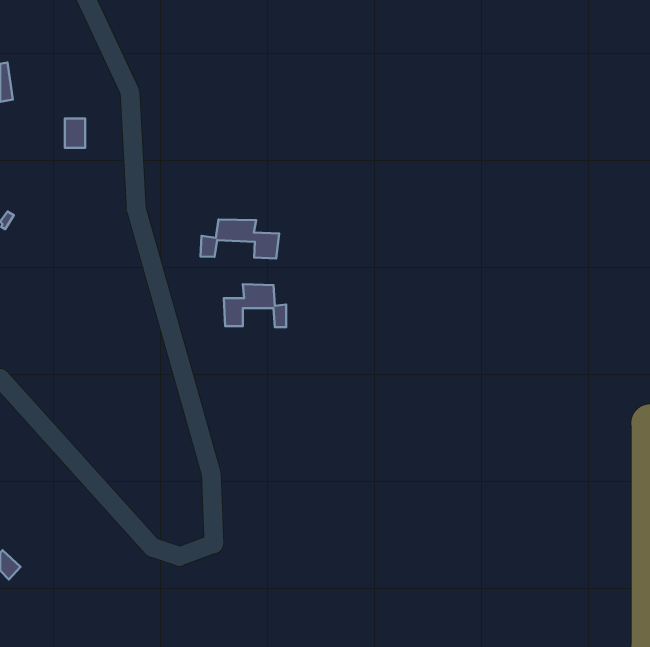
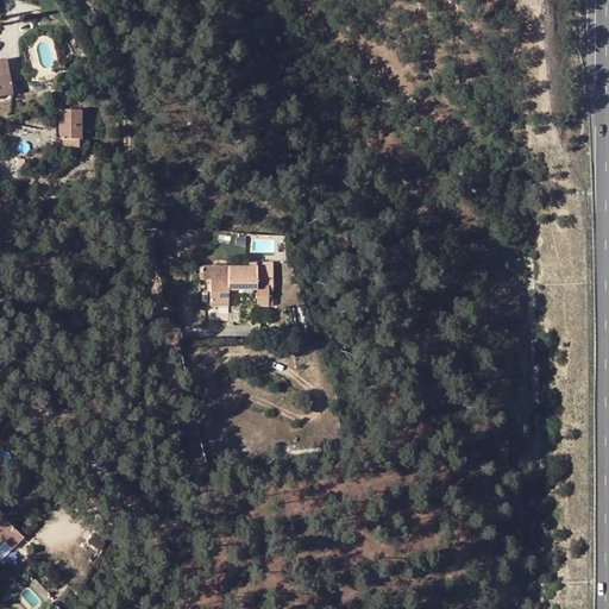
building: [200,220,279,259] -> none

